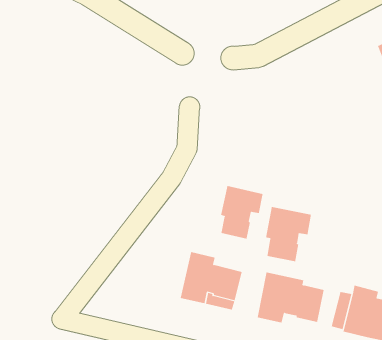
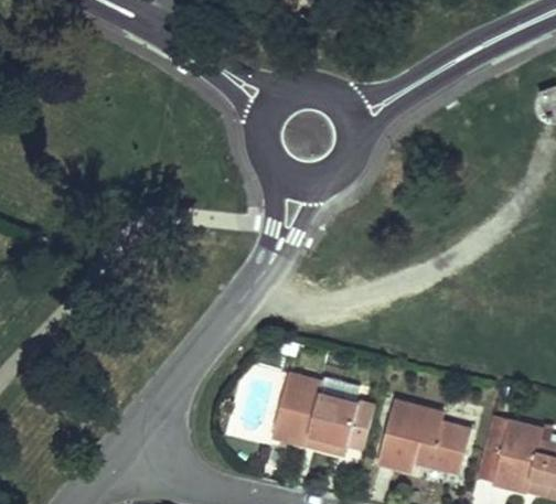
building: [220,185,263,240] -> none
building: [266,206,311,262] -> none

